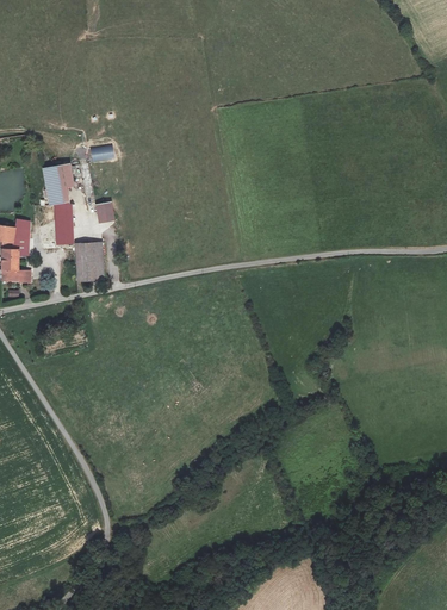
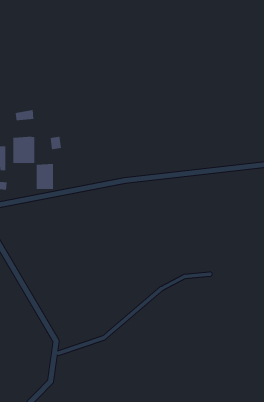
building: [44,179,73,205] -> none

